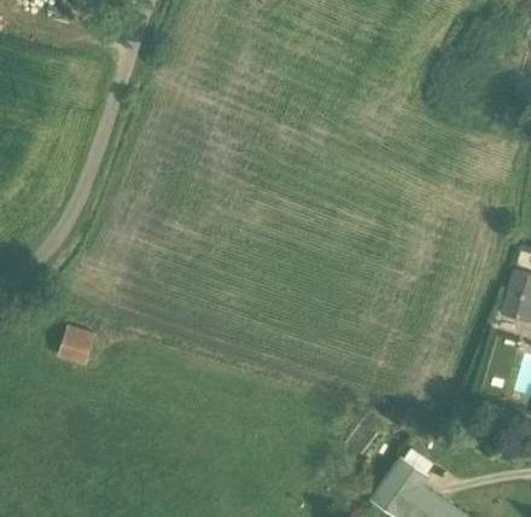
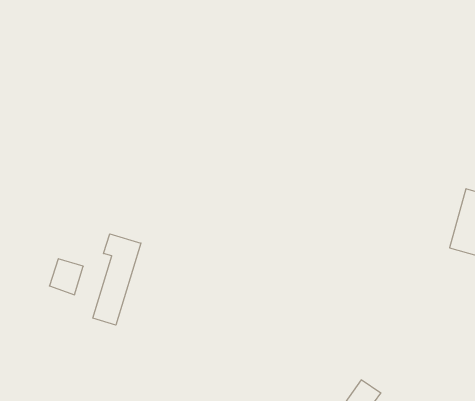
building: none -> [93,234,141,325]

